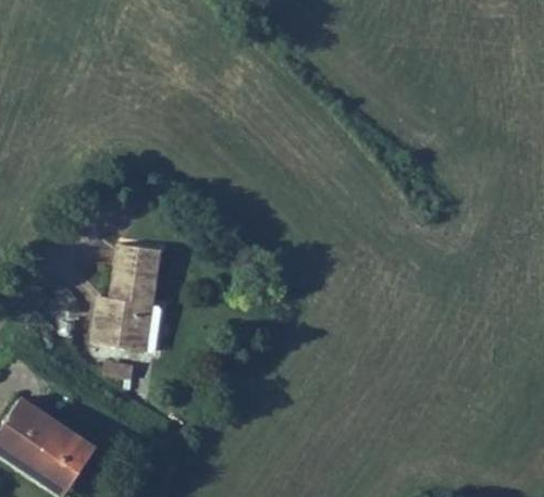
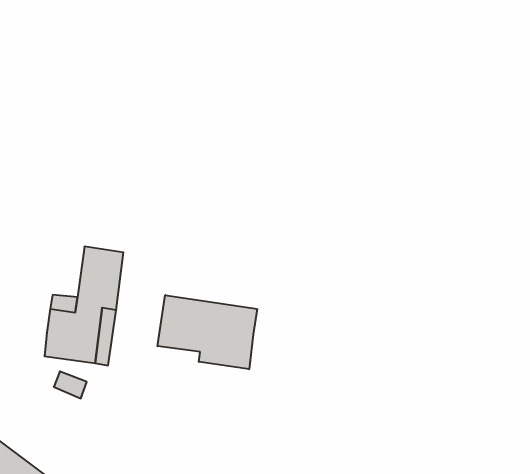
building: none -> [158,295,257,369]

